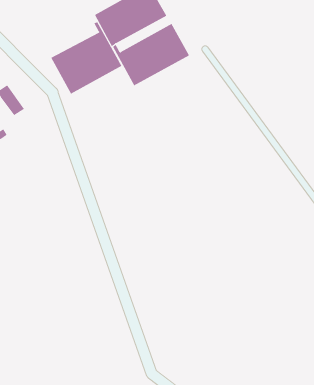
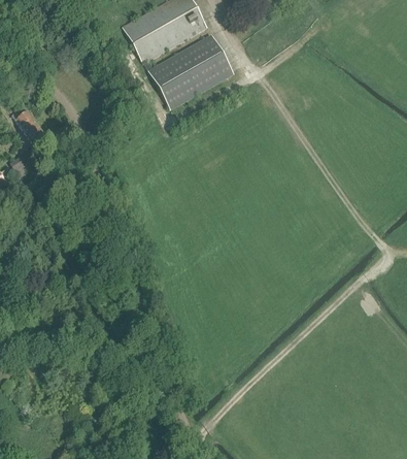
building: [51,21,122,95] -> none

